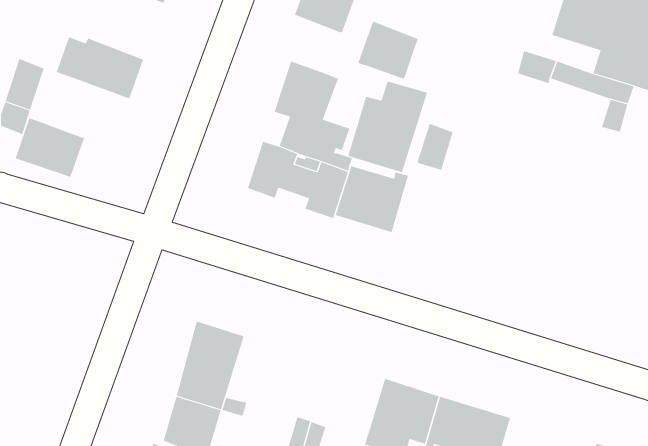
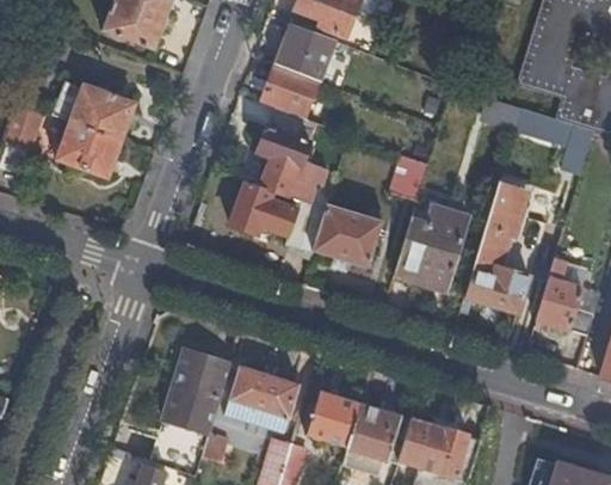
building: [357,21,419,80] -> [261,62,319,117]
building: [348,81,428,173] -> [394,204,469,290]
building: [15,118,85,178] -> [56,122,122,178]
building: none -> [467,184,529,312]
building: none -> [537,257,600,333]
building: none -> [228,366,300,419]
building: none -> [306,391,360,449]

